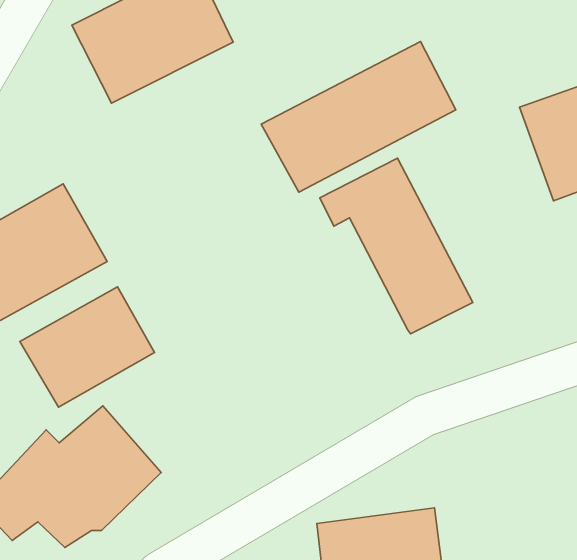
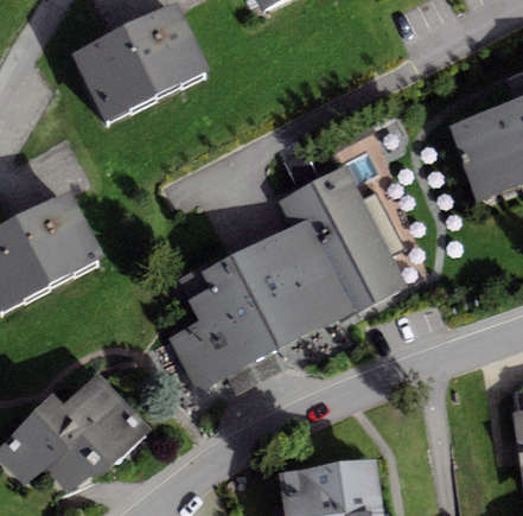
building: [261,42,456,192] -> none
building: none -> [170,216,355,393]
building: [20,287,154,407] -> none

